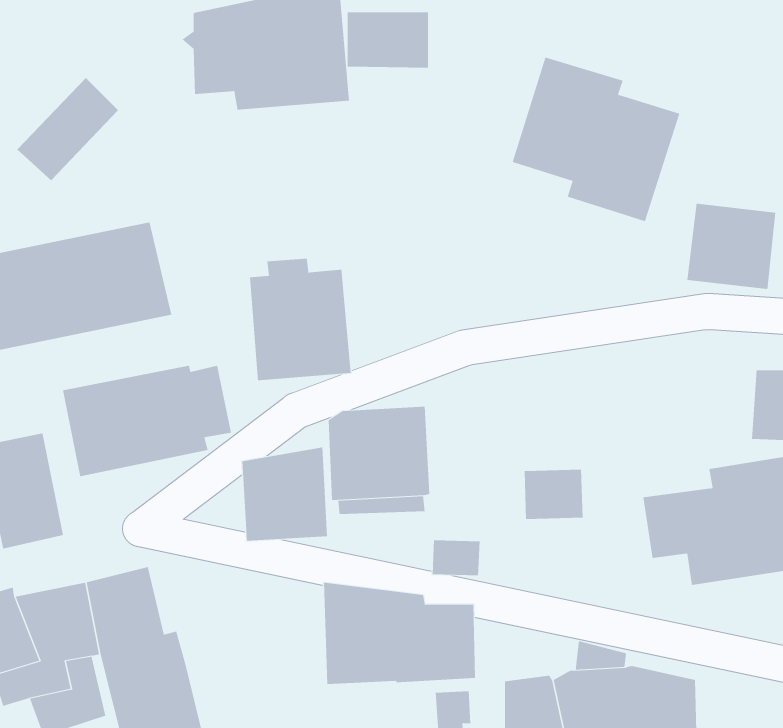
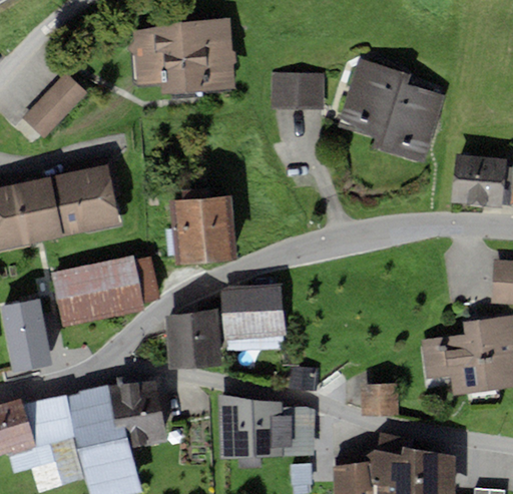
building: [347,12,429,68] -> [273,73,325,109]
building: [524,469,583,520] -> [361,383,399,415]
building: none -> [107,375,167,447]

